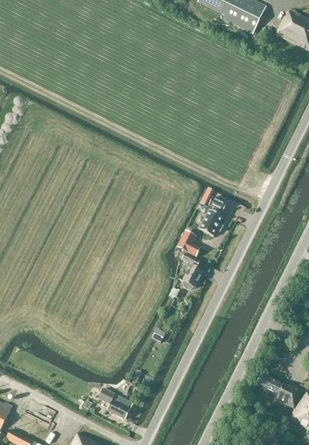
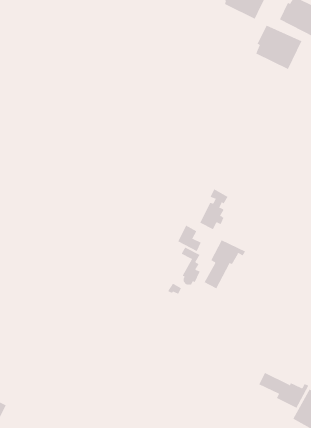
building: none -> [256,25,302,70]
building: none -> [204,240,246,289]
building: [98,388,133,419] -> none

